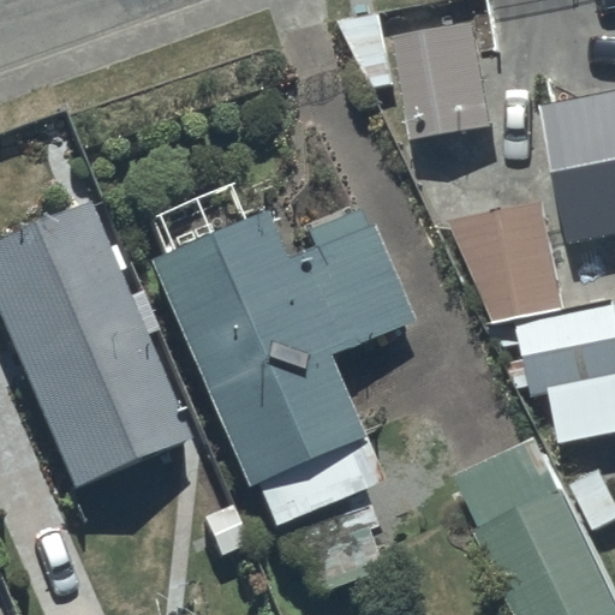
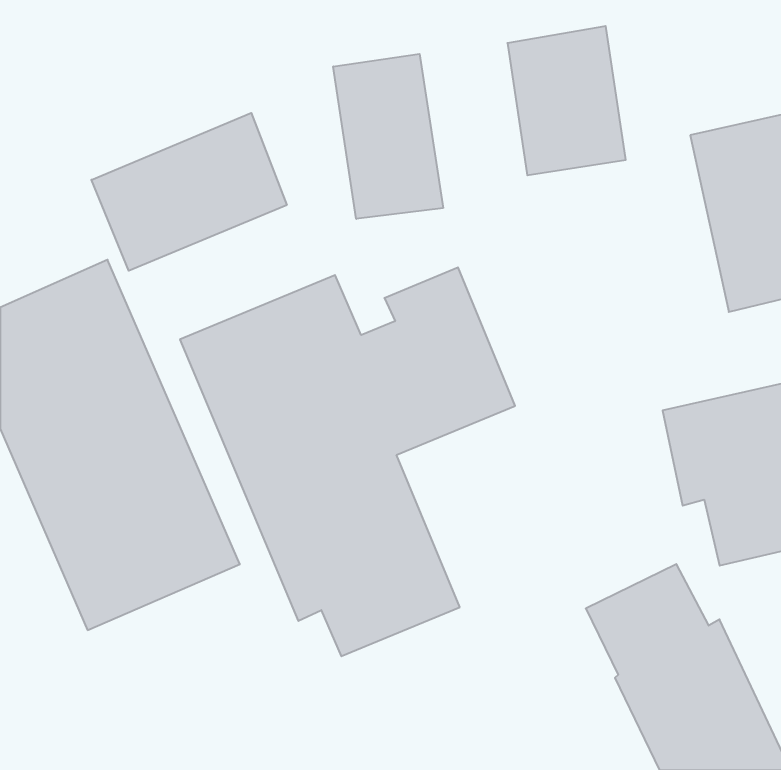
building: none -> [333,54,443,219]
building: none -> [91,113,287,271]
building: [454,198,569,317] -> none

